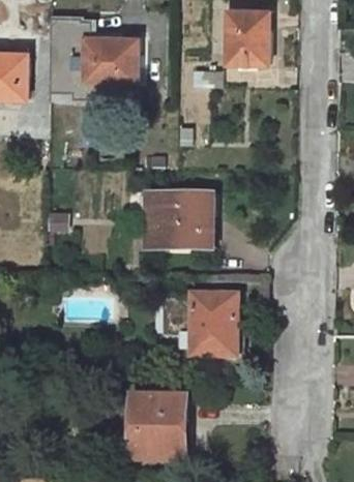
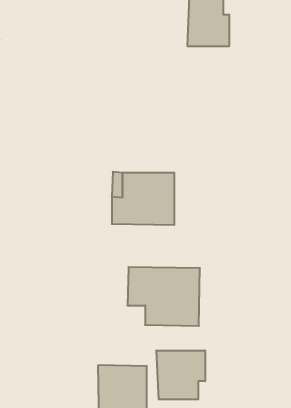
building: [85,36,137,78] -> none
building: none -> [156,350,205,399]

